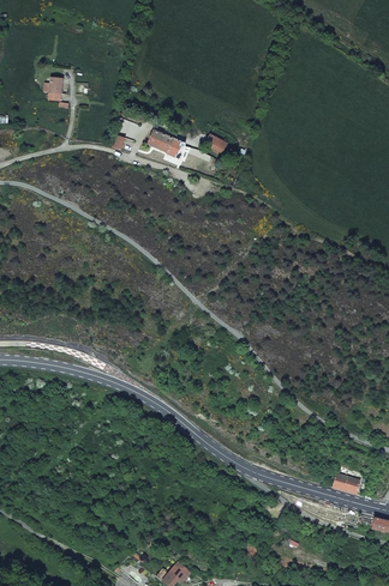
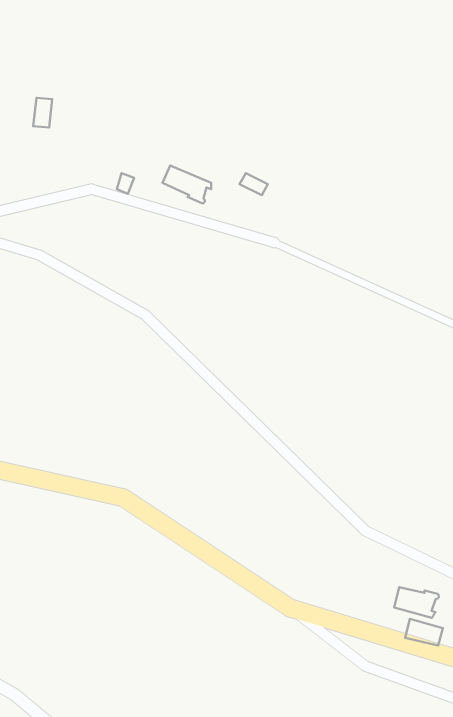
building: none -> [394,587,439,618]

